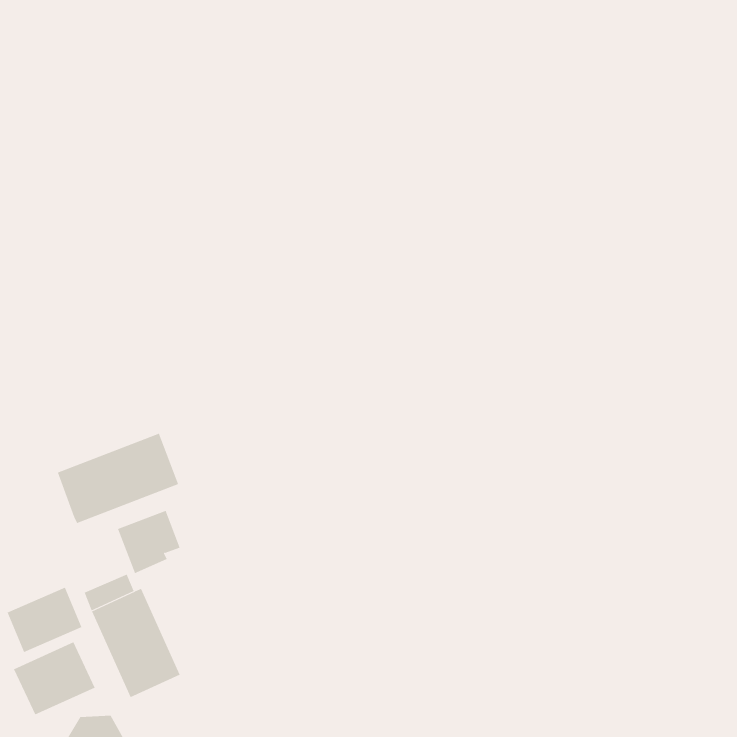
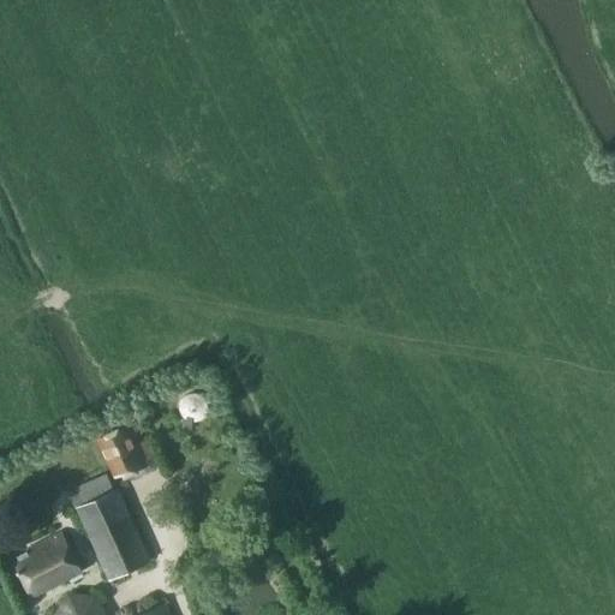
building: [57,433,179,524] -> none
building: [7,587,82,653] -> none

